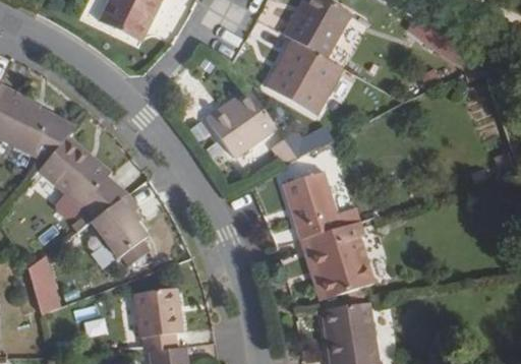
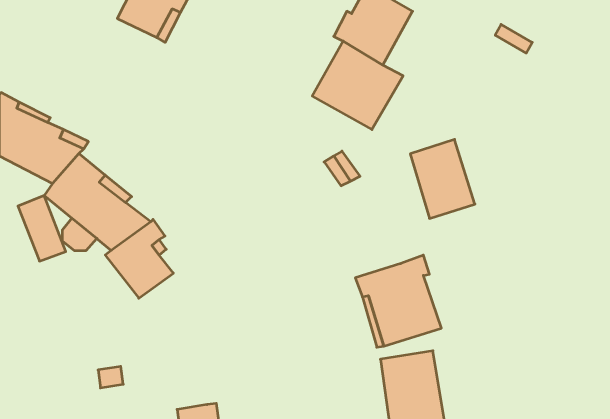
building: [208,94,278,158] -> none
building: [286,174,341,241] -> [410,139,475,218]
building: [22,255,63,311] -> [18,195,66,261]
building: [135,289,181,354] -> none

